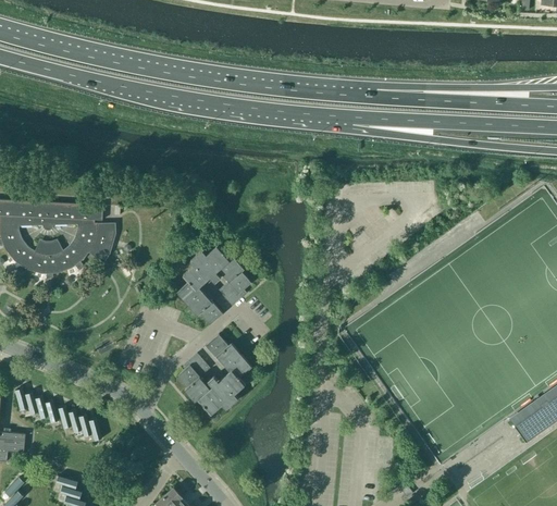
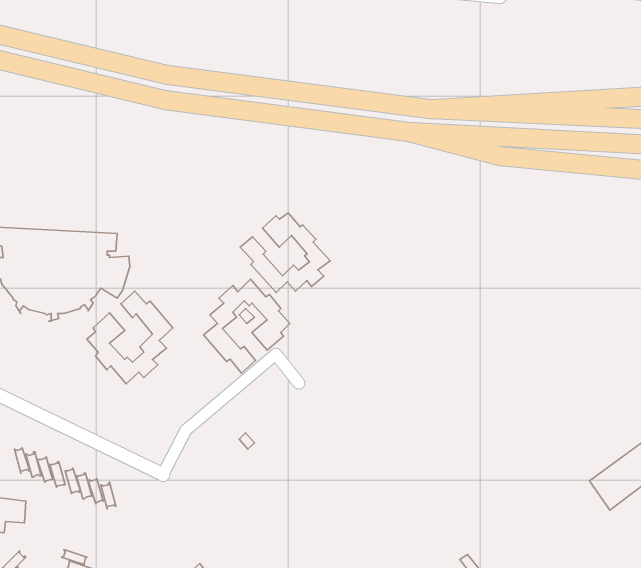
building: none -> [240,213,330,293]
building: [176,334,250,414] -> [87,291,173,384]

